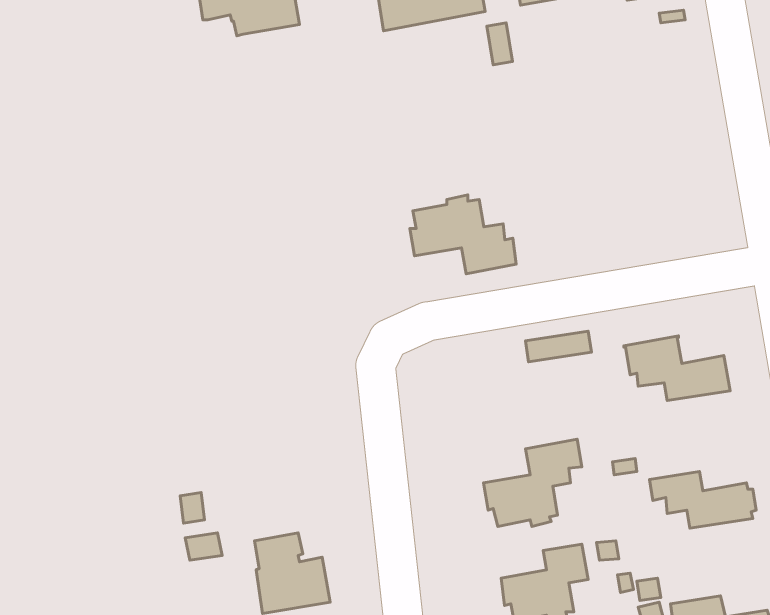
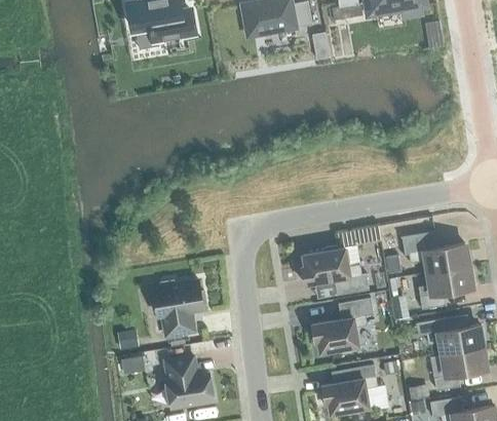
building: [410,195,516,274] -> [301,245,369,296]
building: none -> [418,266,475,309]
building: none -> [153,279,206,336]
building: none -> [434,347,486,390]

